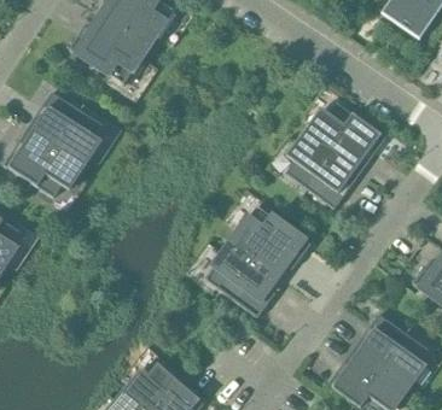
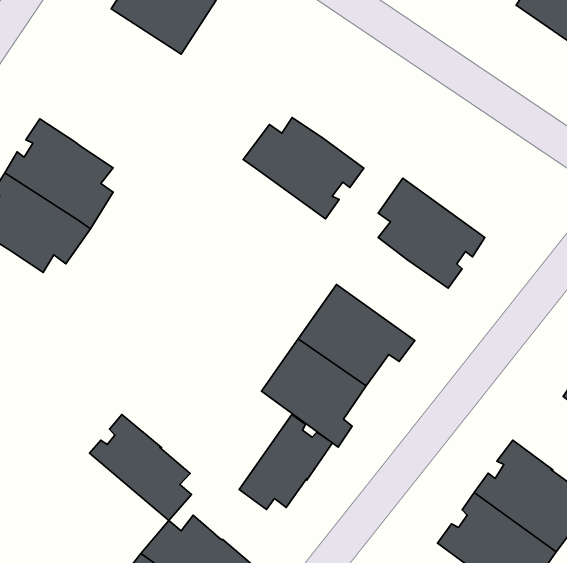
building: [70,13,150,83] -> none
building: [303,101,386,171] -> [243,118,364,219]
building: none -> [239,414,332,509]
building: none -> [89,415,192,520]

